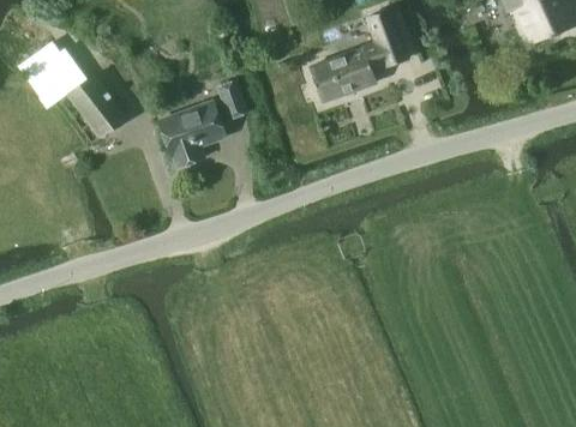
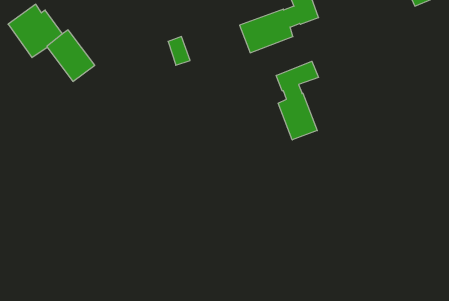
building: [158,101,226,167] -> none
building: none -> [276,61,319,140]

